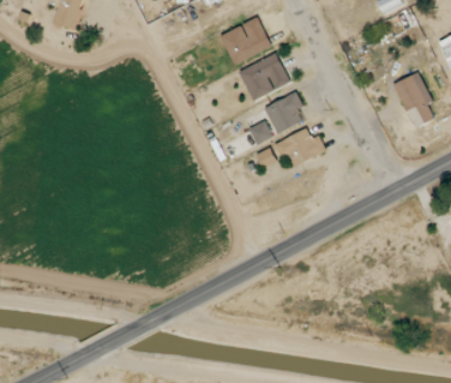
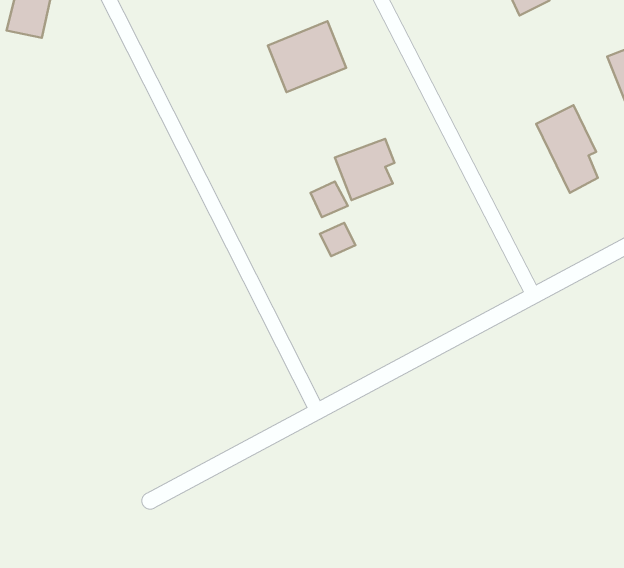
building: [239,53,290,101] -> none
building: [275,128,325,169] -> none

